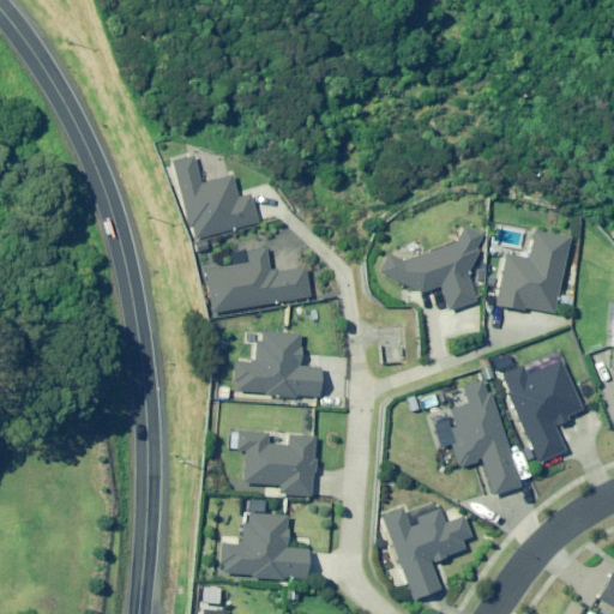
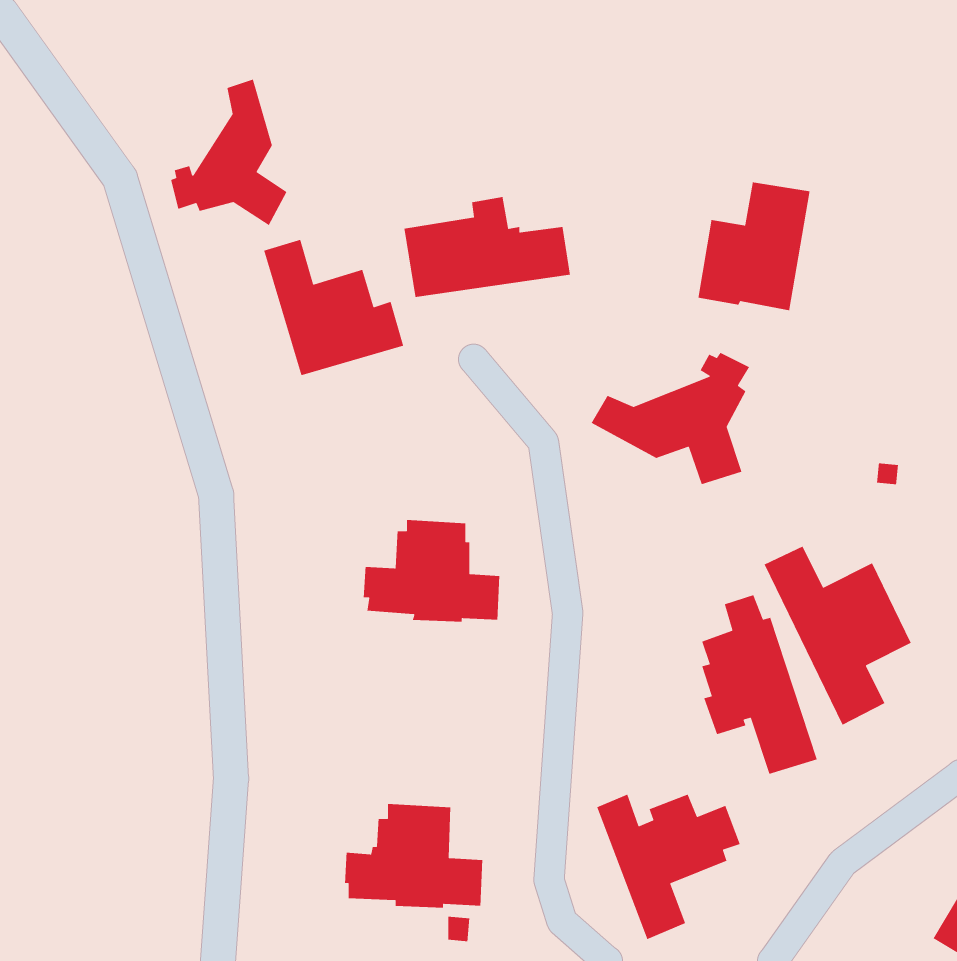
building: none -> [170,79,287,226]
building: [498,230,570,313] -> [698,182,810,311]
building: [204,246,311,311] -> [404,196,571,298]
building: [239,432,318,496] -> none

